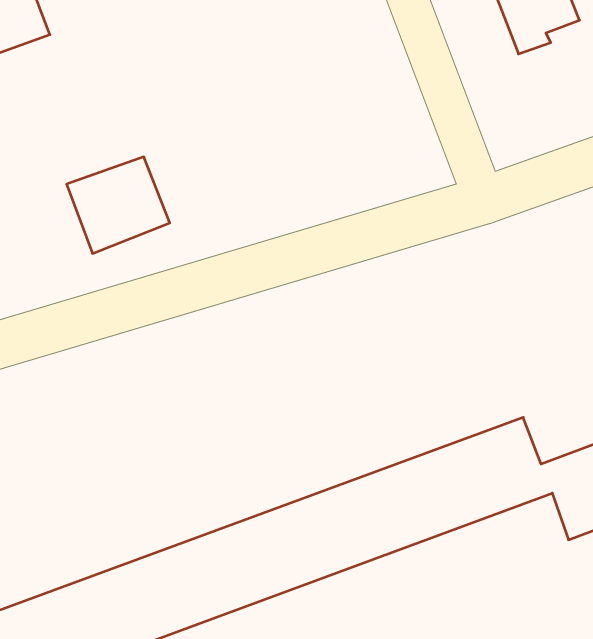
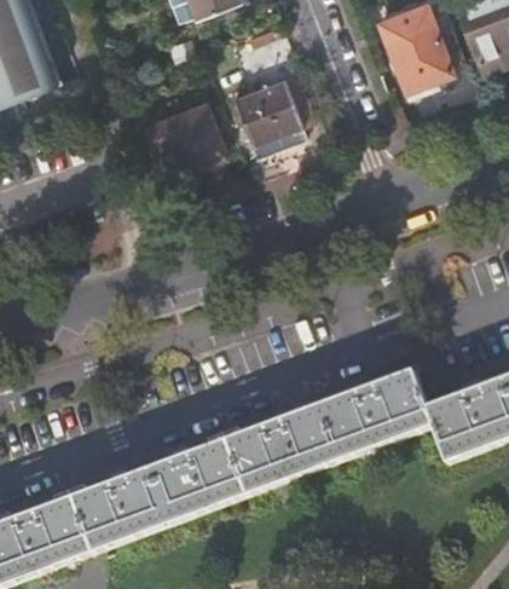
building: none -> [233,75,307,155]
building: [67,157,170,253] -> [148,102,225,174]

